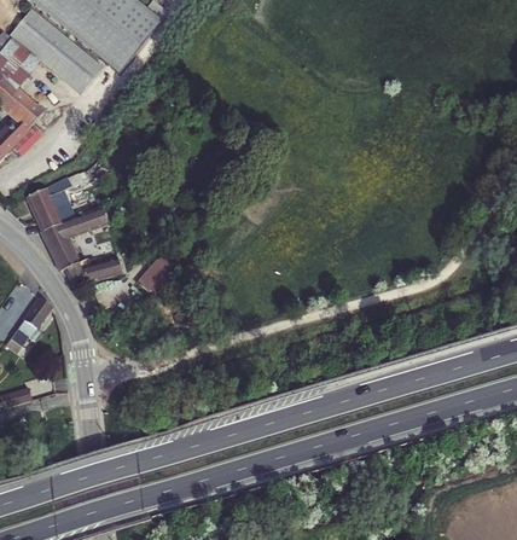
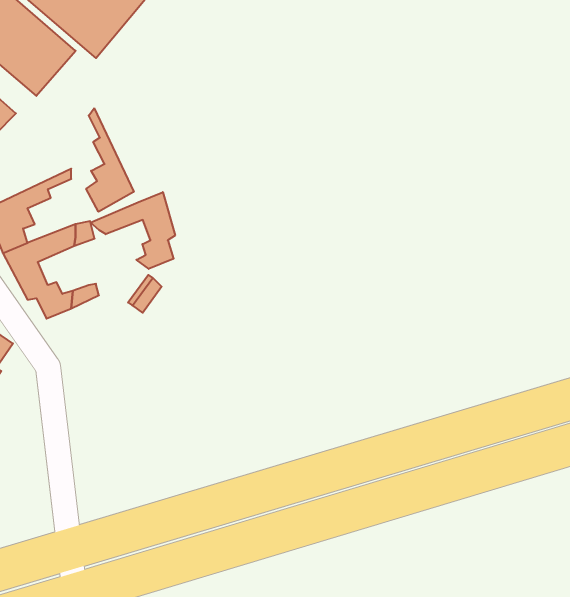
building: none -> [86,108,134,212]
building: none -> [91,192,175,269]

